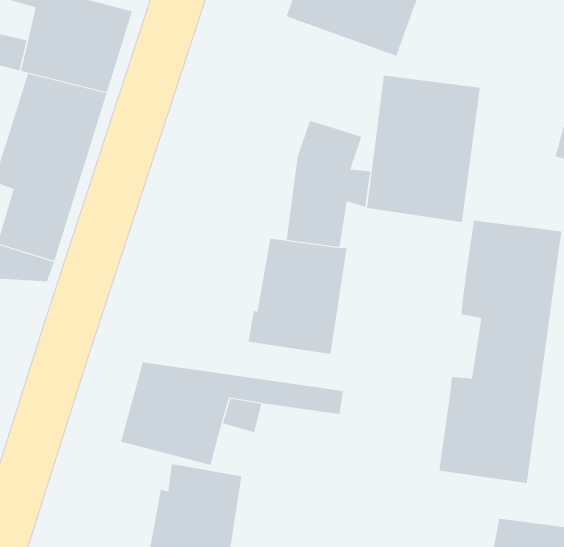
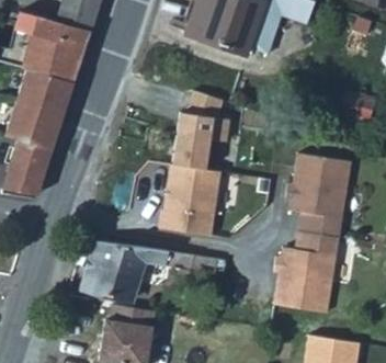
building: [366,75,480,223] -> none

